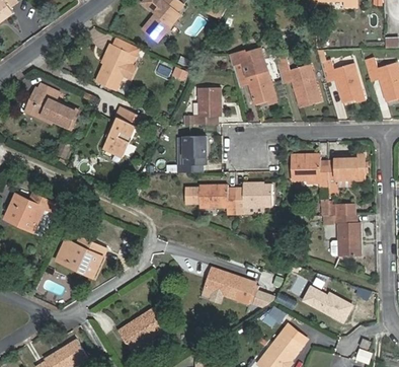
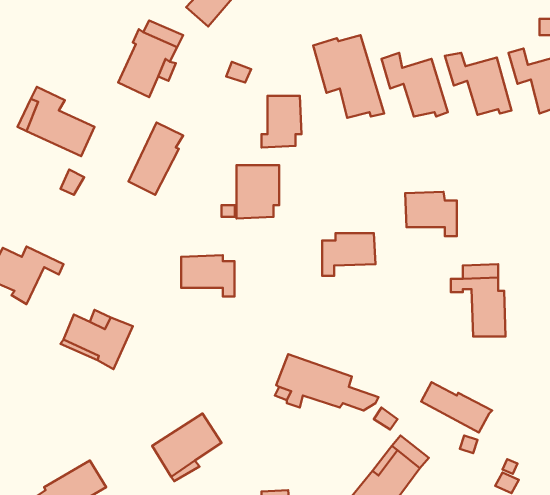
building: [327,156,364,193] -> none
building: [198,185,235,213] -> [181,255,235,297]

